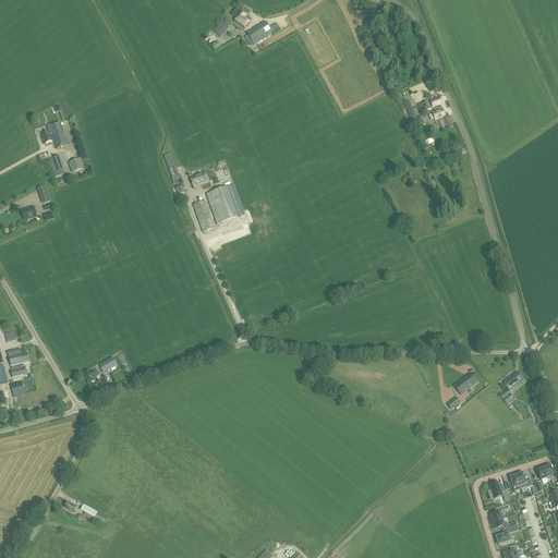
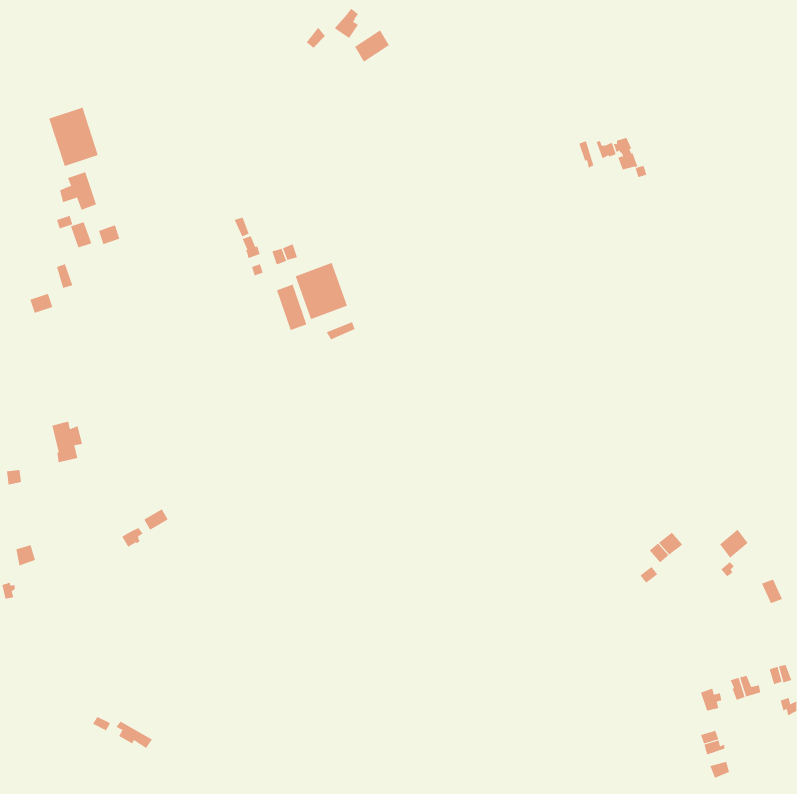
building: none -> [49,107,98,167]
building: [8,347,29,376] -> [52,421,83,463]

